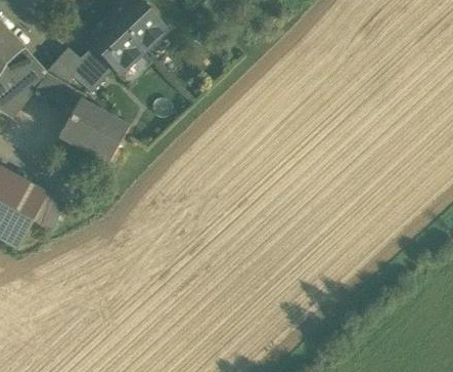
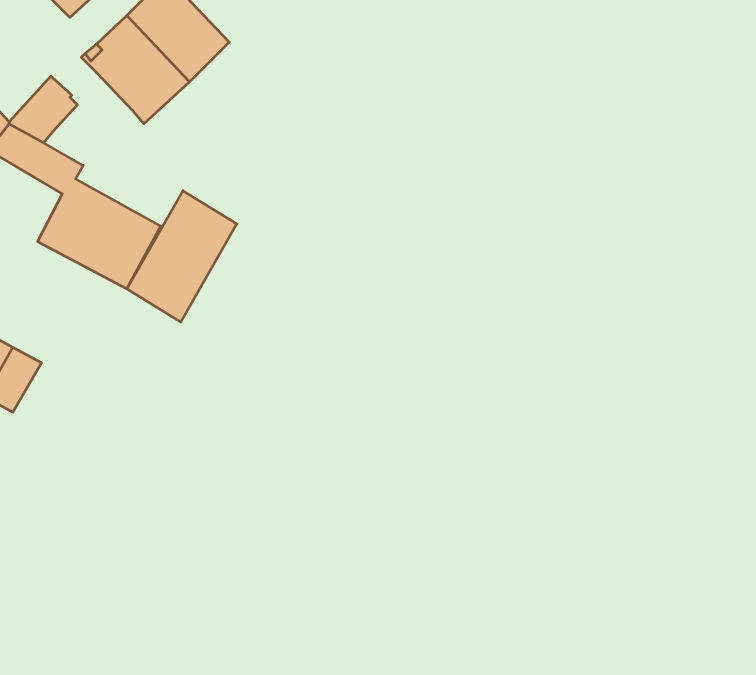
building: [73,44,114,90] -> none
building: none -> [127,191,237,322]

